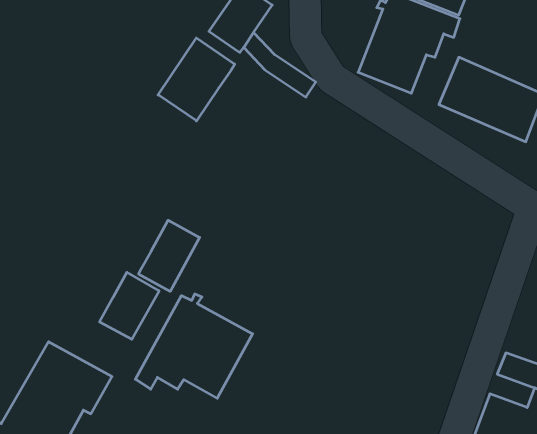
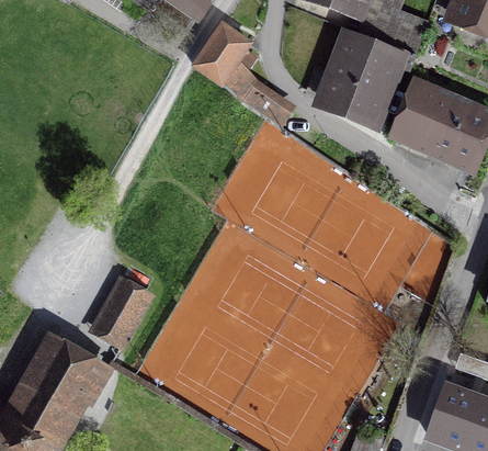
building: [158,38,235,121] -> none
building: [139,220,200,291] -> none
building: [135,294,253,398] -> none

